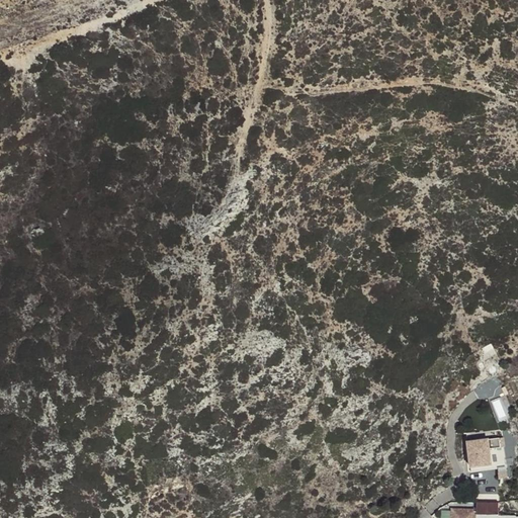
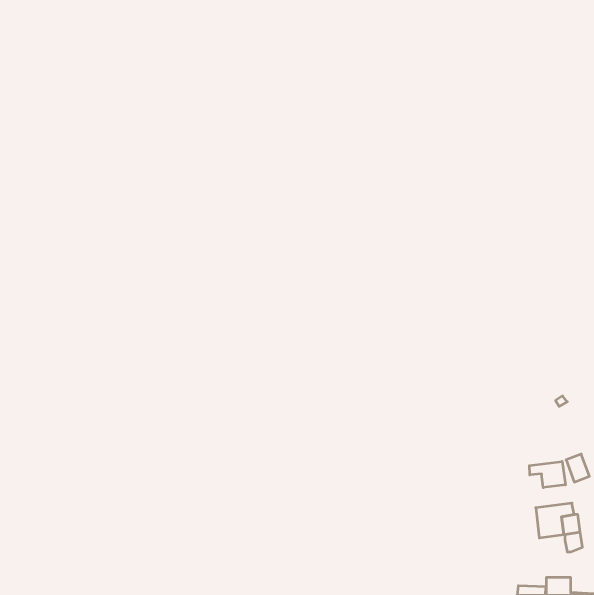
building: none -> [529,461,565,488]

